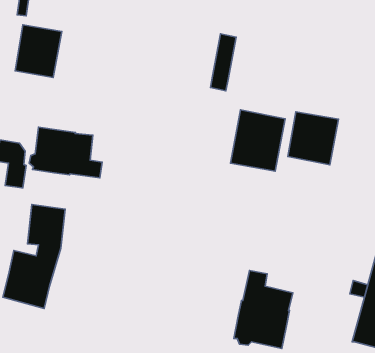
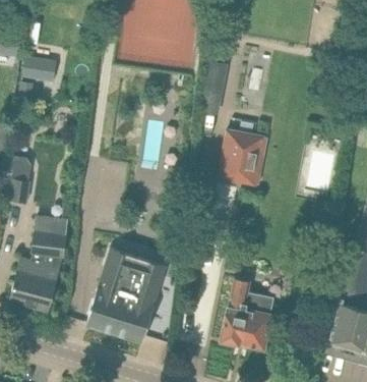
building: [288,112,338,165] -> none
building: [29,127,102,178] -> none
building: none -> [86,249,167,342]

